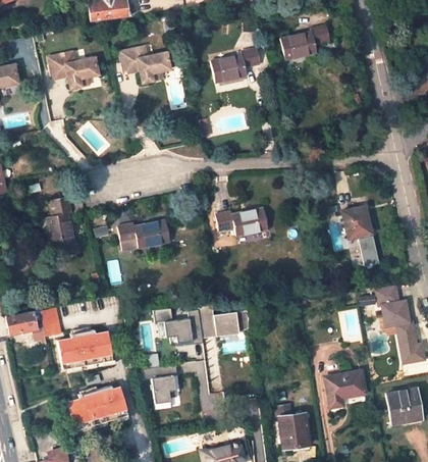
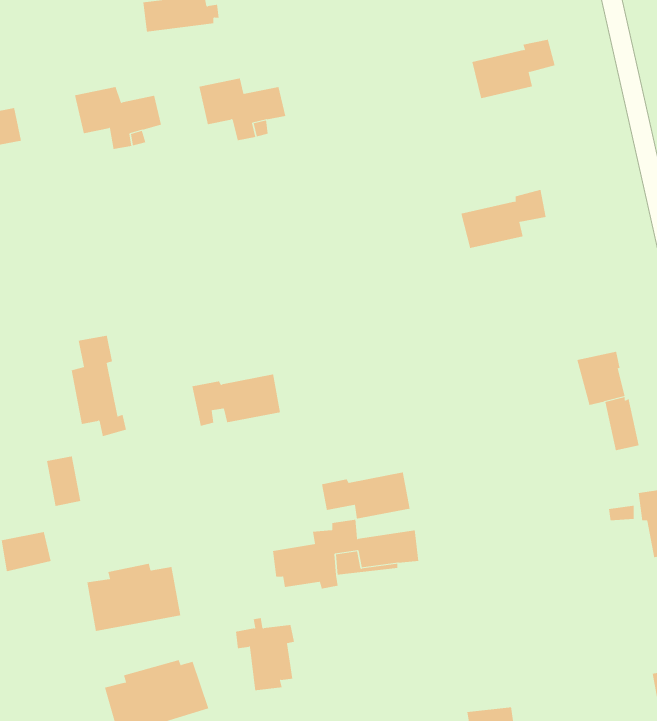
building: [210,47,260,82] -> [461,189,546,249]
building: [215,208,267,236] -> [321,472,410,519]
building: [40,306,60,336] -> [46,456,81,507]
building: [324,370,366,407] -> none

